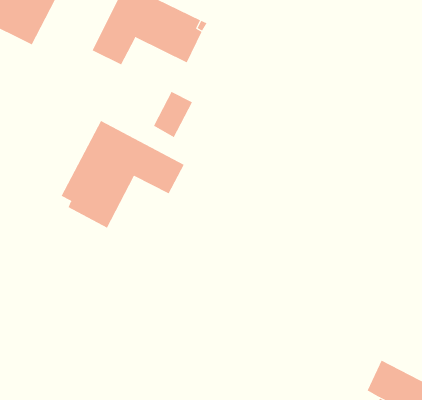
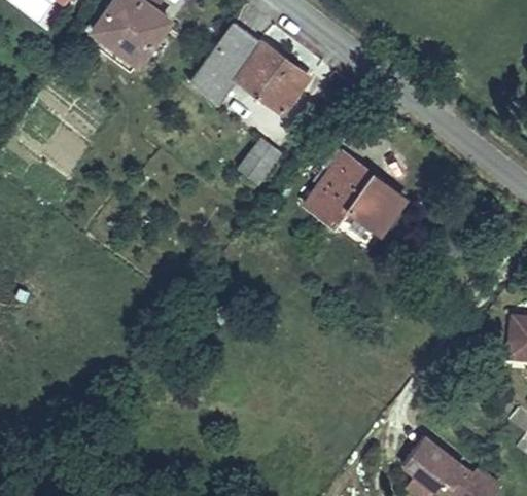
building: none -> [305,148,405,232]
building: [61,120,185,228] -> none

